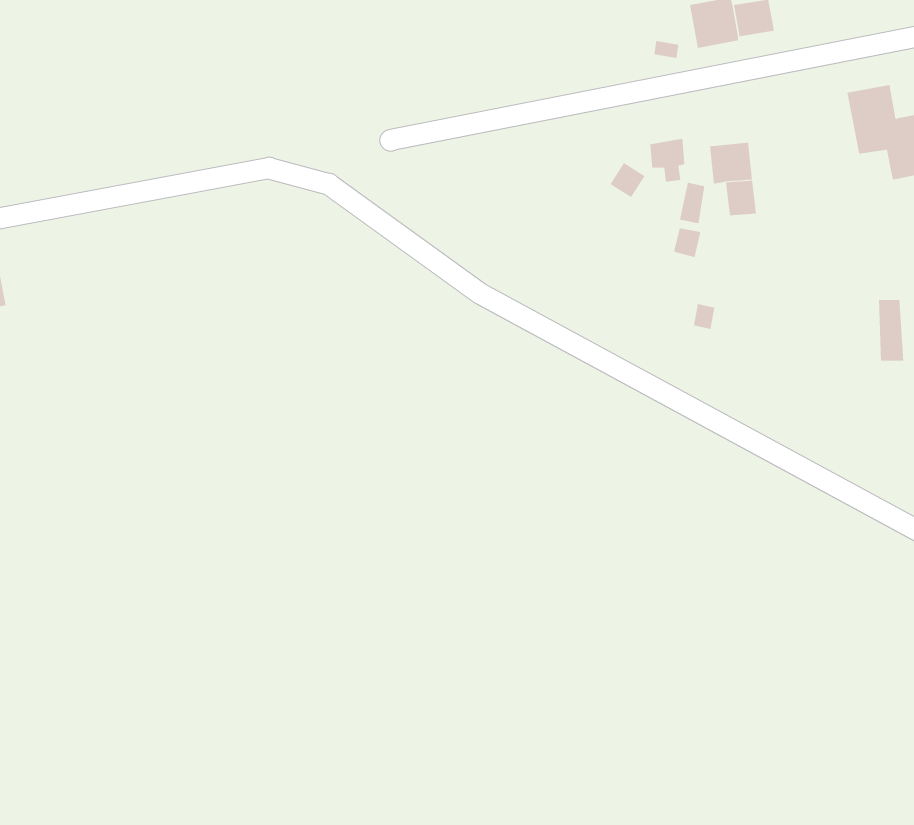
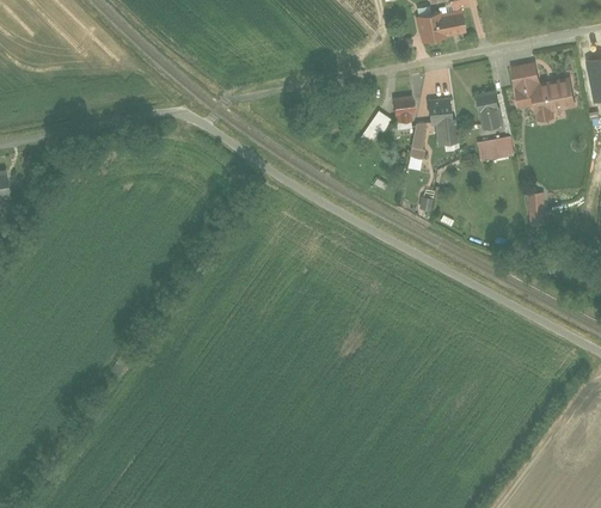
building: none -> [476,90,503,128]
building: none -> [478,134,515,160]

